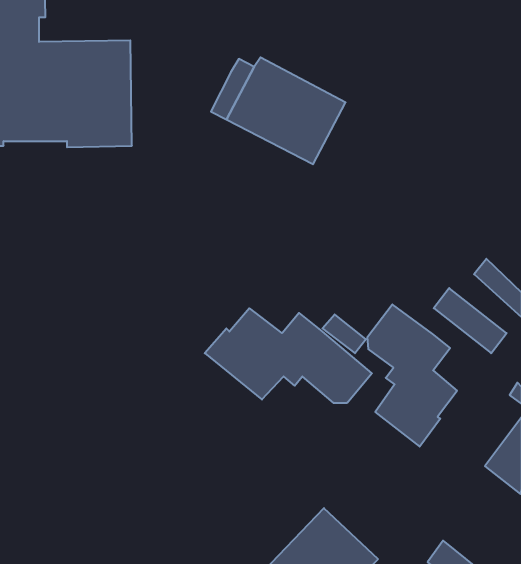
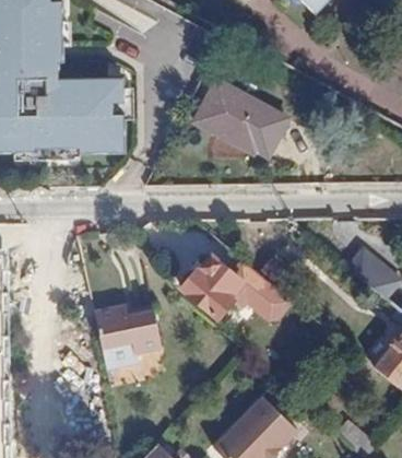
building: [368,304,457,447] -> none
building: none -> [93,310,161,355]

